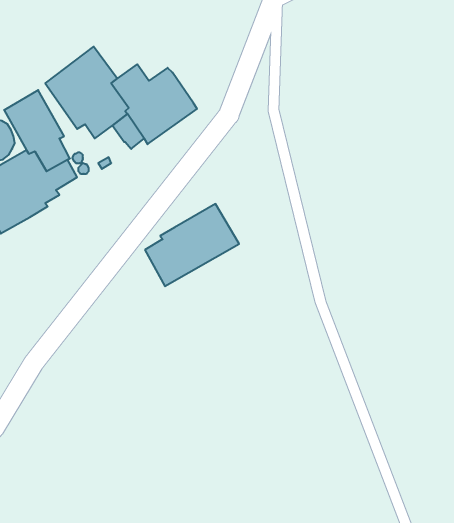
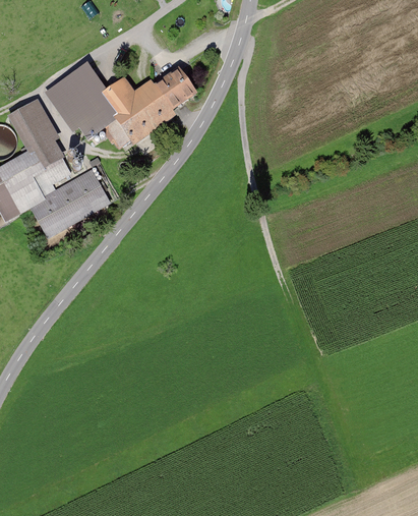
building: none -> [153,65,195,109]
building: [145,204,239,286] -> [29,168,111,239]

